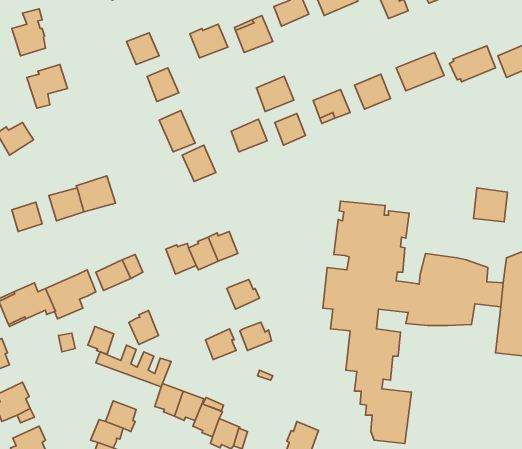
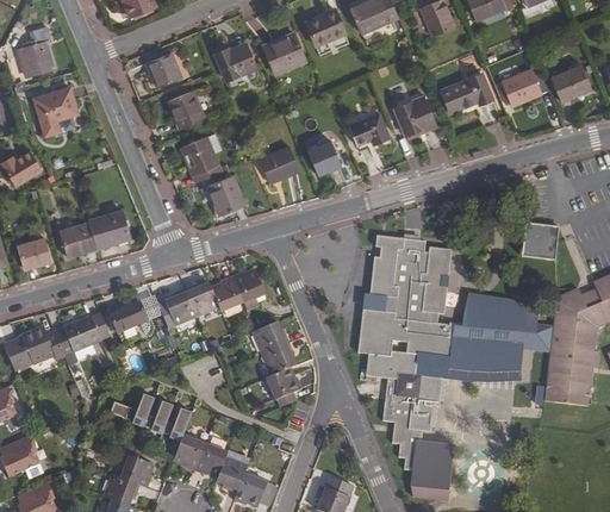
building: [256,76,294,112] -> none
building: [129,310,158,344] -> [164,288,197,325]
building: [88,327,114,354] -> none
building: [206,329,236,359] -> [262,342,295,375]

